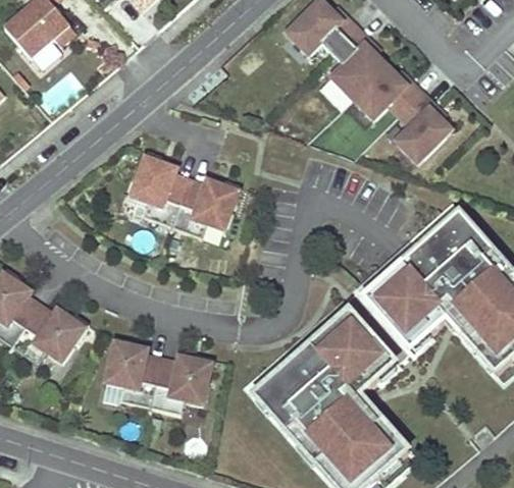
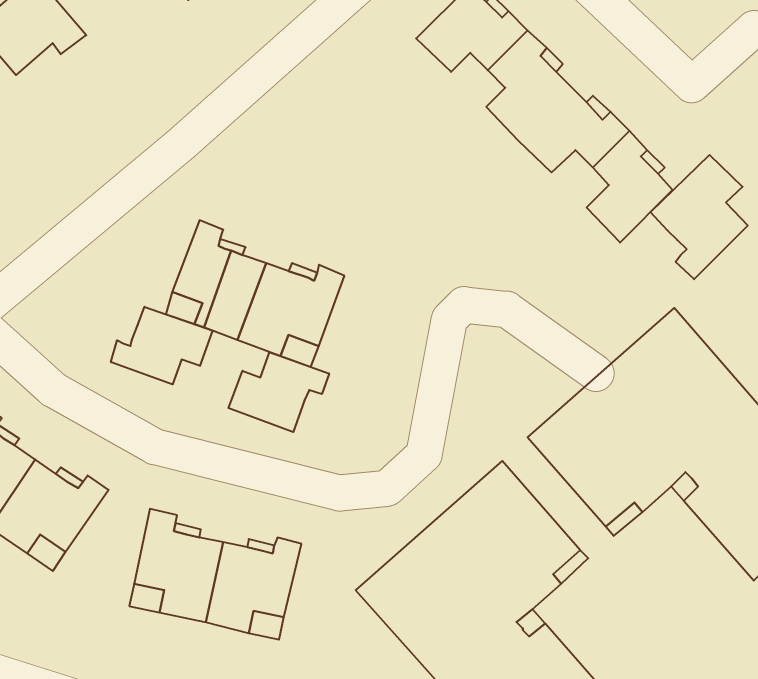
building: none -> [650,155,748,279]
building: none -> [111,307,212,384]
building: none -> [228,352,329,432]

